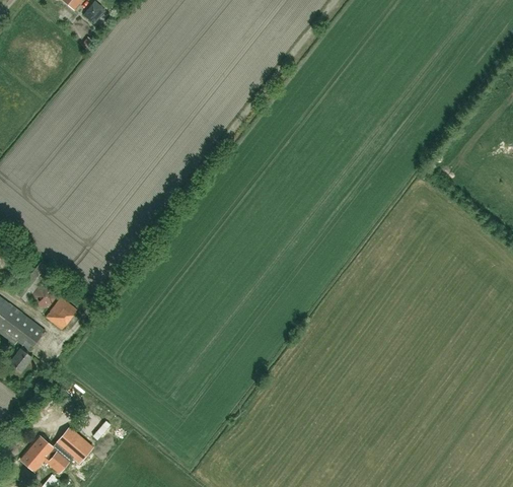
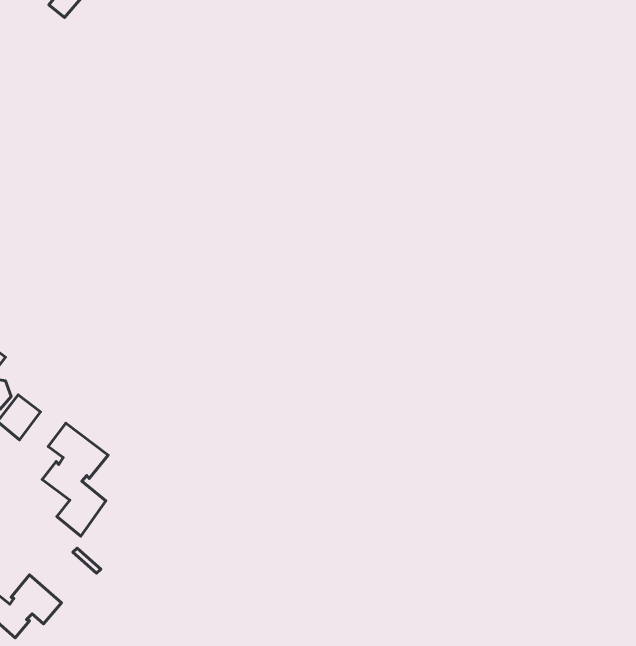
building: none -> [42,423,108,536]

